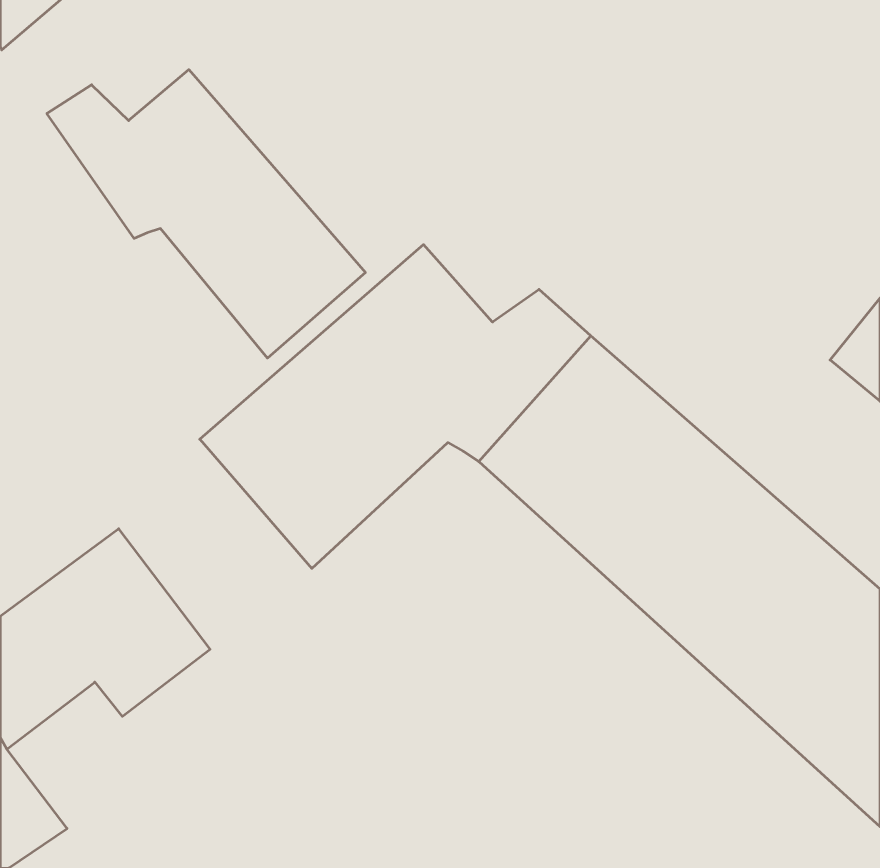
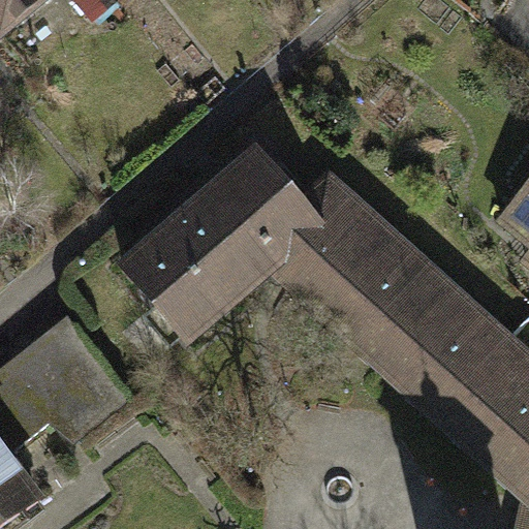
building: [47,70,365,358] -> none

